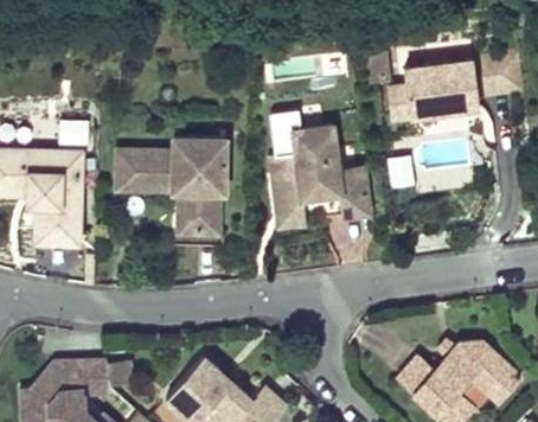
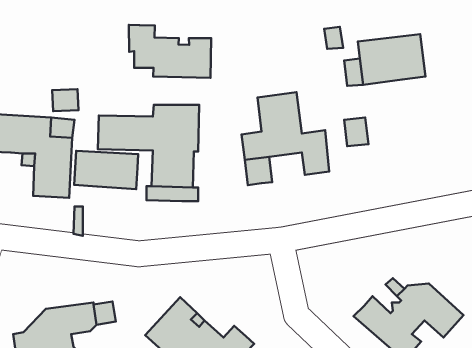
building: none -> [129,25,211,78]
building: none -> [74,151,138,189]

